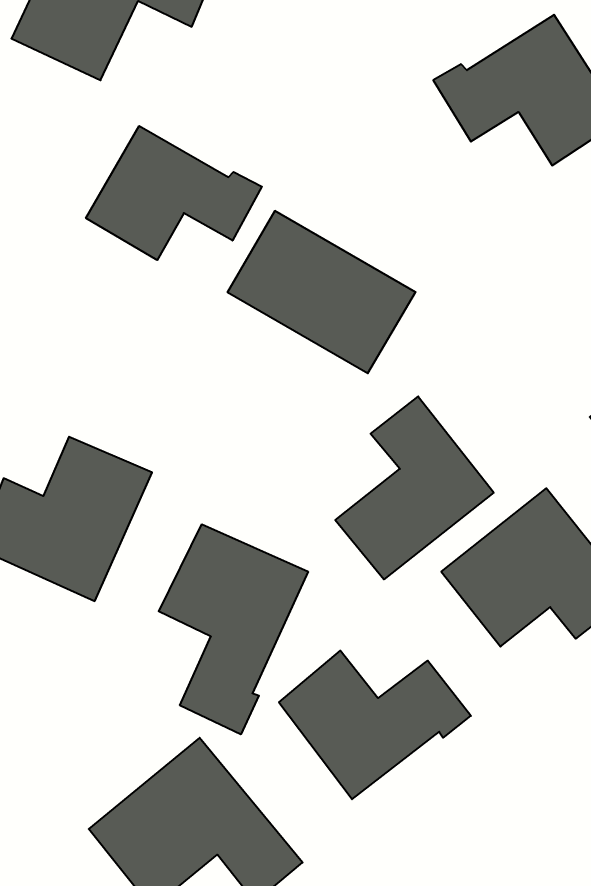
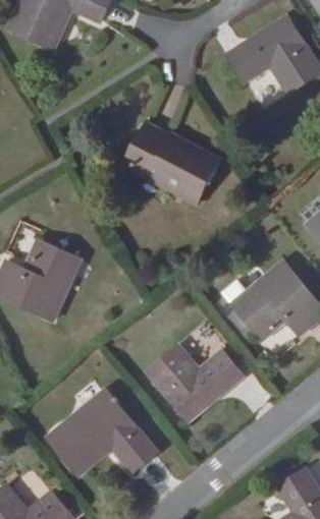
building: [86,126,262,260] -> none
building: [335,396,494,579] -> none
building: [159,524,308,734] -> none

